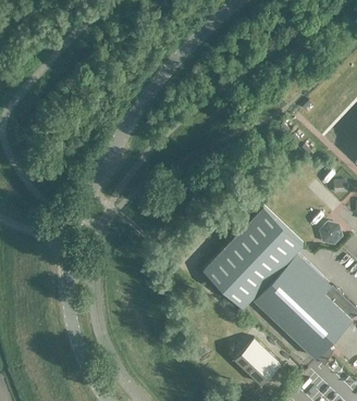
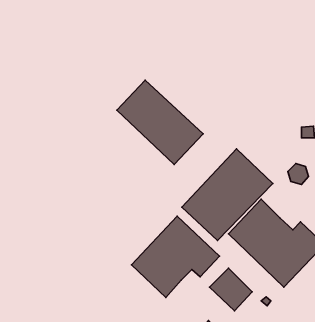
building: none -> [117,80,203,165]
building: none -> [132,216,220,298]

